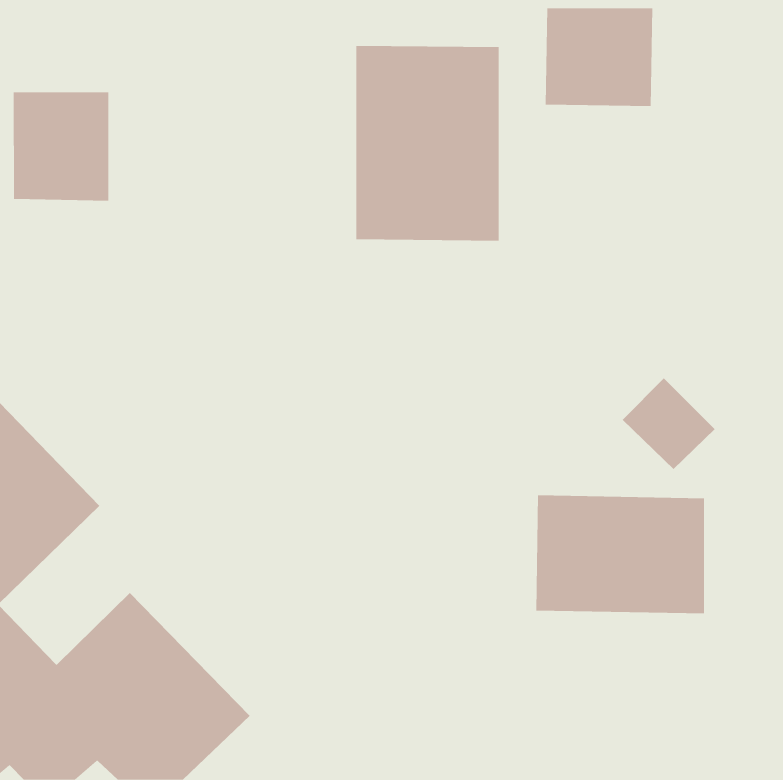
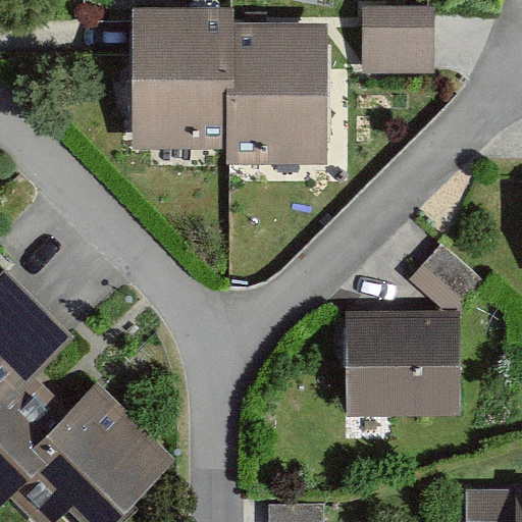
building: none -> [135,11,231,144]
building: [13,91,109,201] -> none

